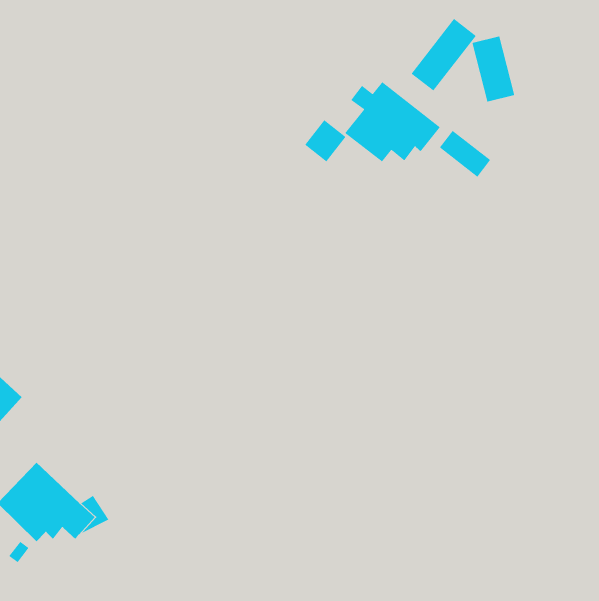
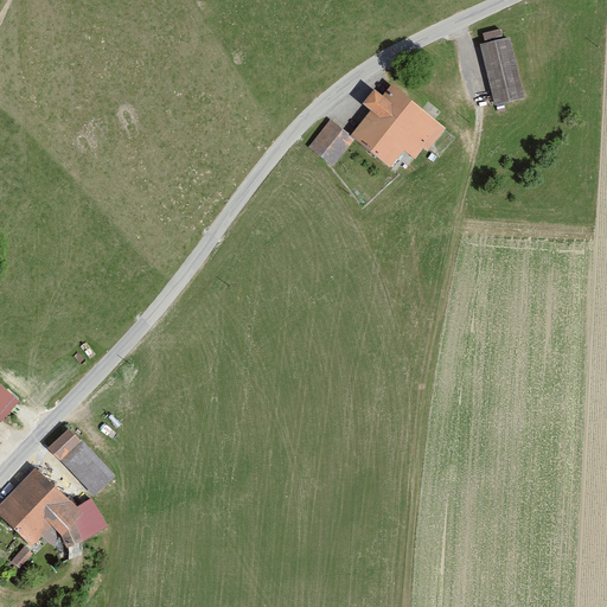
building: [410,18,477,91] -> none
building: [439,130,491,178] -> none
building: none -> [58,434,117,494]

